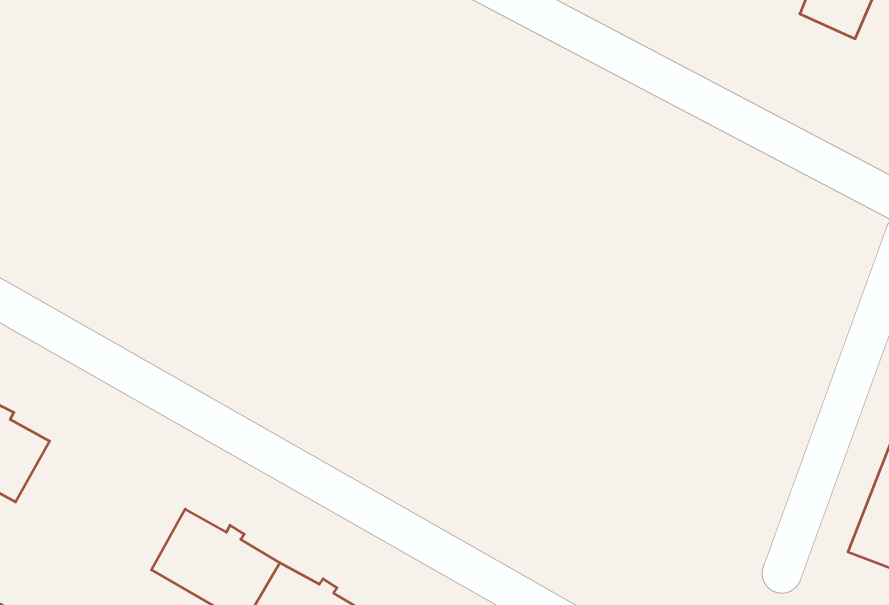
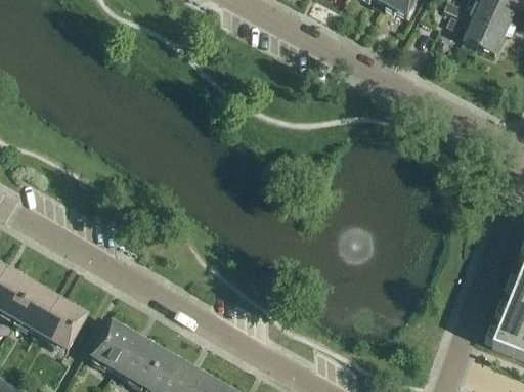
building: none -> [13,284,87,350]

